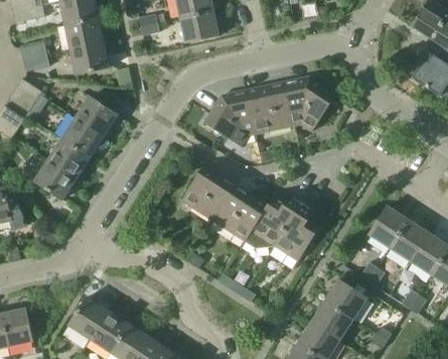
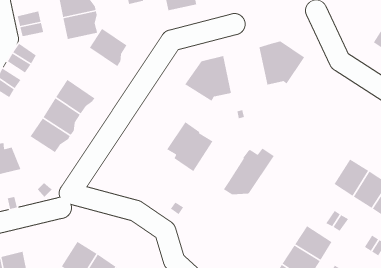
building: [247,83,294,134] -> none
building: [74,96,117,139] -> [89,28,127,67]
building: [213,187,275,240] -> none
building: [275,203,320,260] -> none

